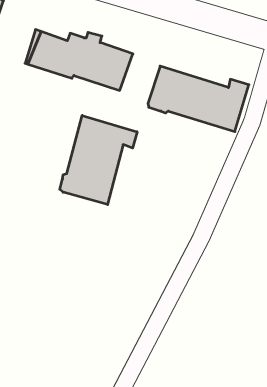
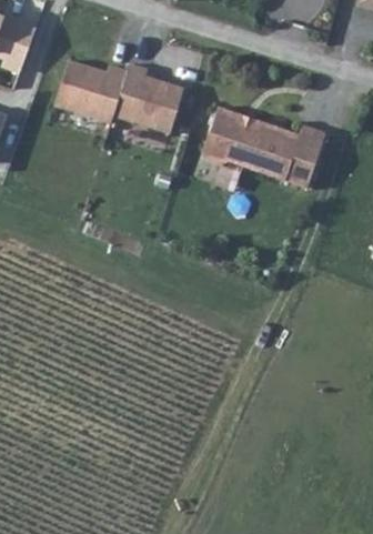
building: [60,115,137,205] -> none

